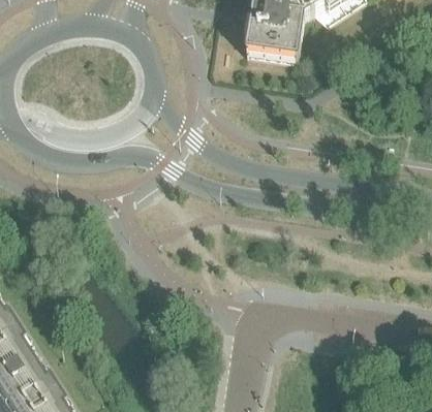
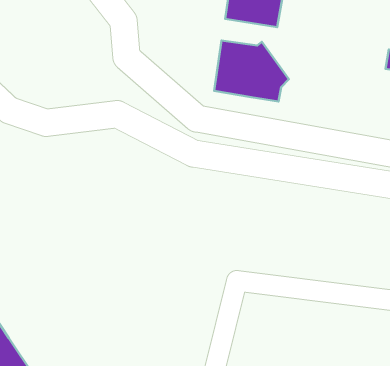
building: none -> [214,41,289,102]

